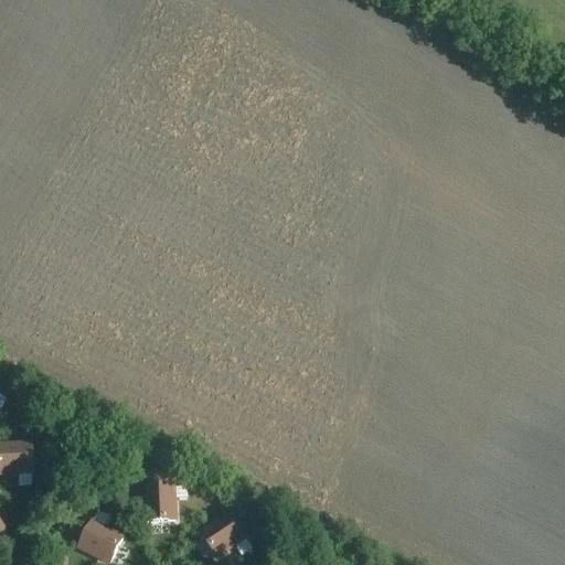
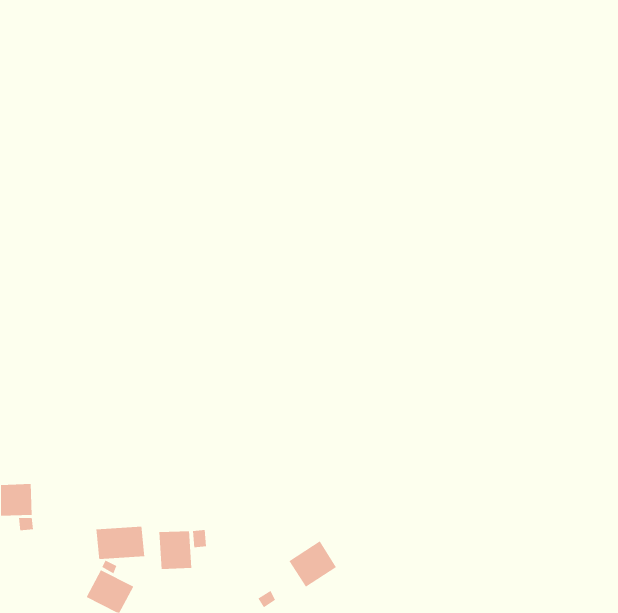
building: none -> [96,526,145,560]
building: [201,512,245,555] -> [289,540,337,588]

